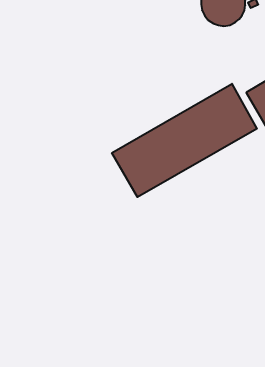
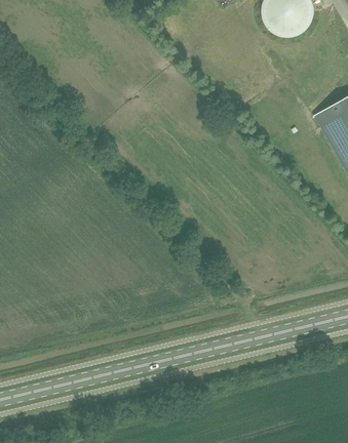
building: [112,84,257,197] -> none

